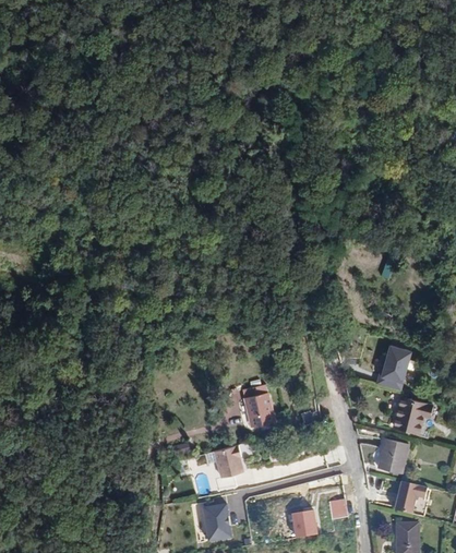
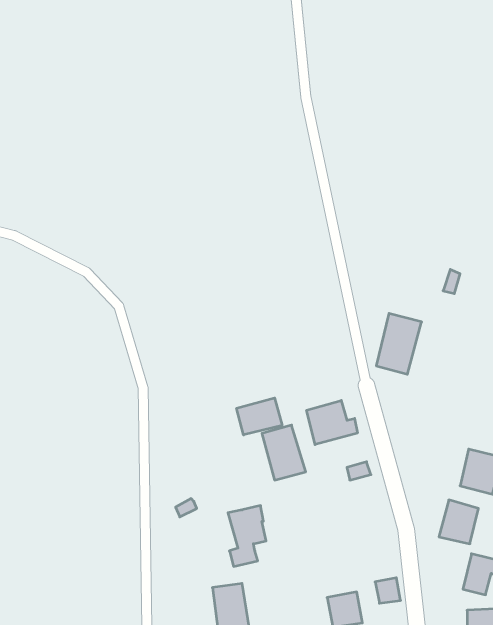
building: [376,342,411,389] -> [376,313,422,374]
building: none -> [237,398,282,435]
building: none -> [307,400,357,445]

